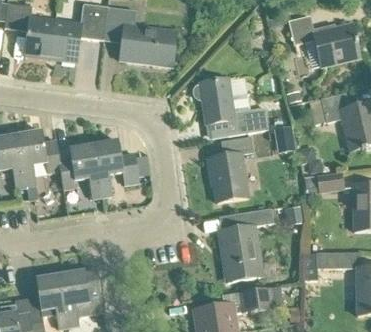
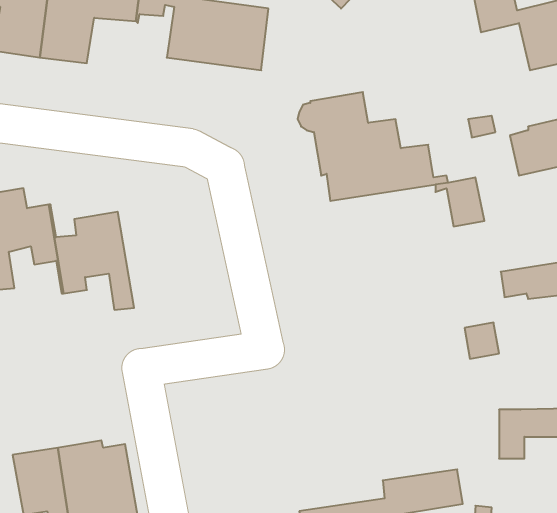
building: [207,135,253,201] -> none
building: [93,139,139,196] -> none
building: [219,207,273,280] -> none

